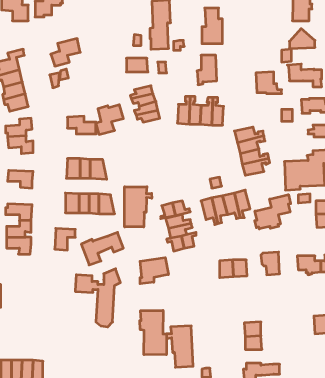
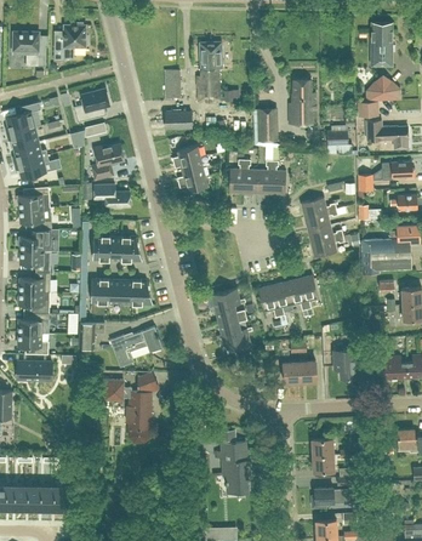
building: [202,8,222,44] -> [289,80,314,124]
building: [96,105,123,134] -> [90,143,124,180]
building: none -> [18,229,58,252]
building: [125,187,152,227] -> none
building: none -> [19,272,50,294]
building: [255,195,291,229] -> none
building: [140,258,168,284] -> none
building: none -> [17,361,52,381]
building: [140,310,167,355] -> none

